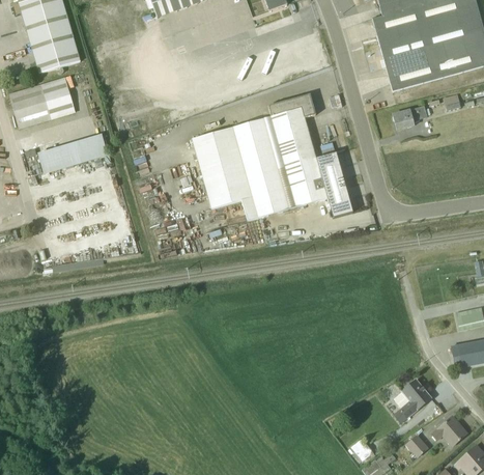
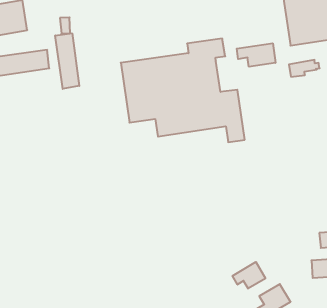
building: none -> [237,43,275,67]
building: none -> [55,33,79,89]
building: none -> [233,262,265,289]

